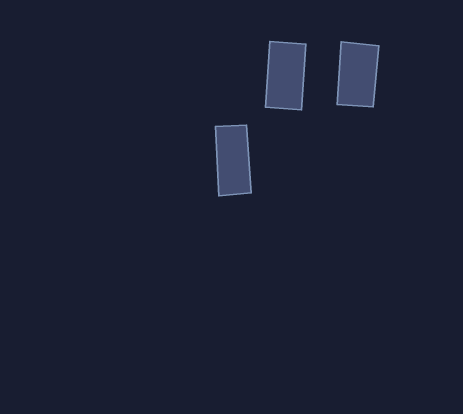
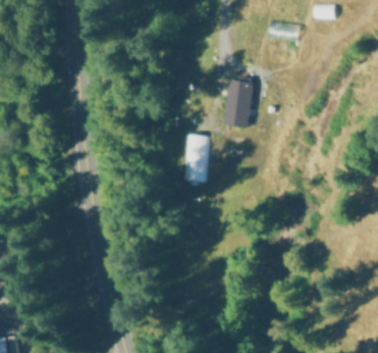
building: [337,42,379,107] -> none

